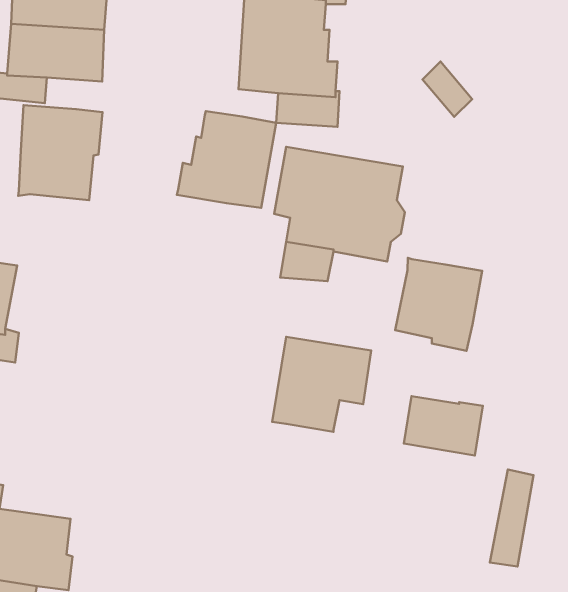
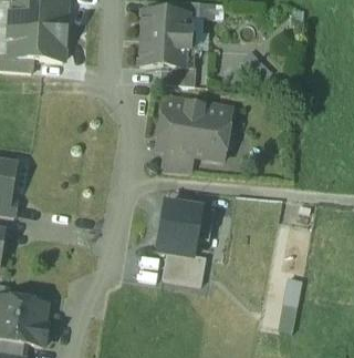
building: [18,105,102,200] -> none
building: [177,111,276,208] -> none
building: [395,258,482,351] -> none
building: [404,396,483,455] -> [160,250,205,284]

